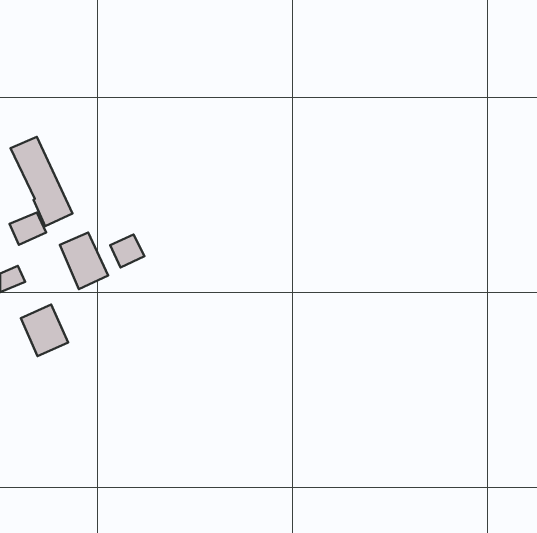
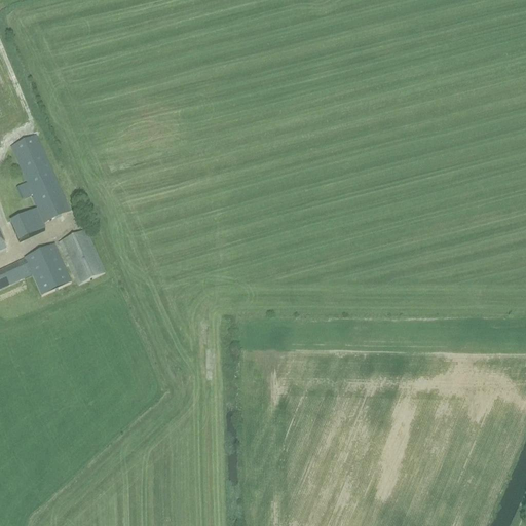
building: [110,235,145,267] -> none
building: [21,305,68,356] -> [23,242,69,293]

